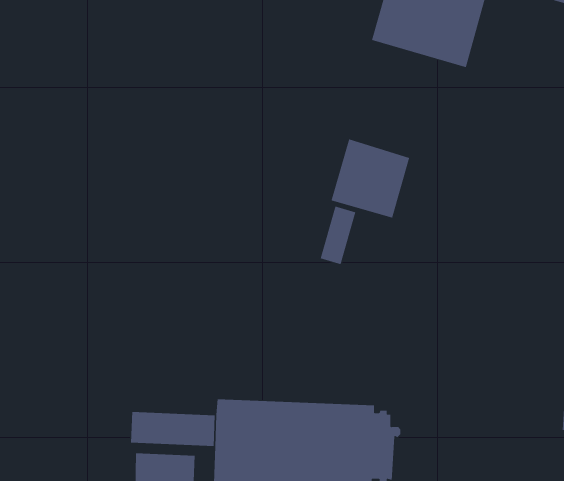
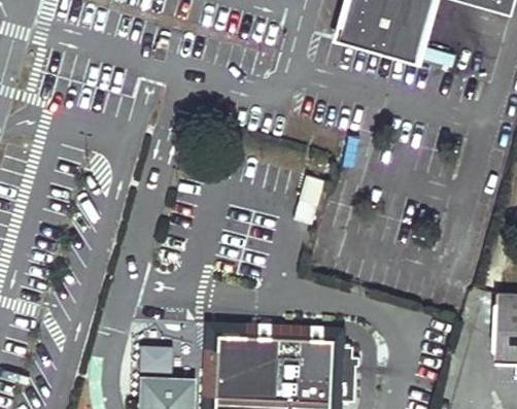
building: [331,139,410,218] -> none

